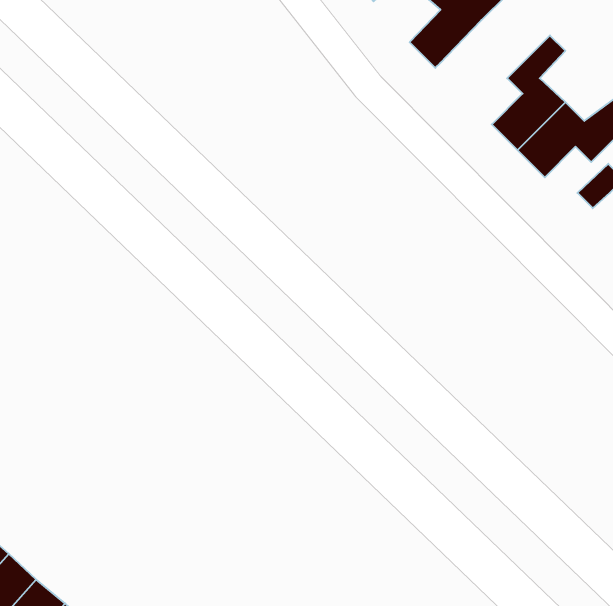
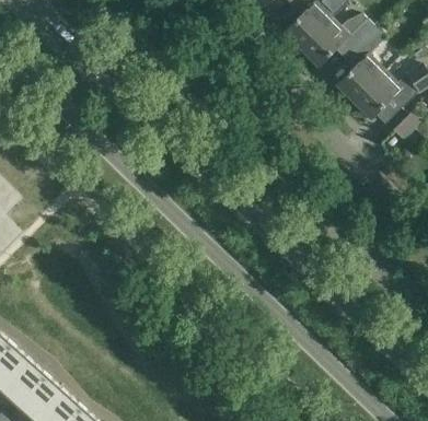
building: none -> [301,14,374,67]

